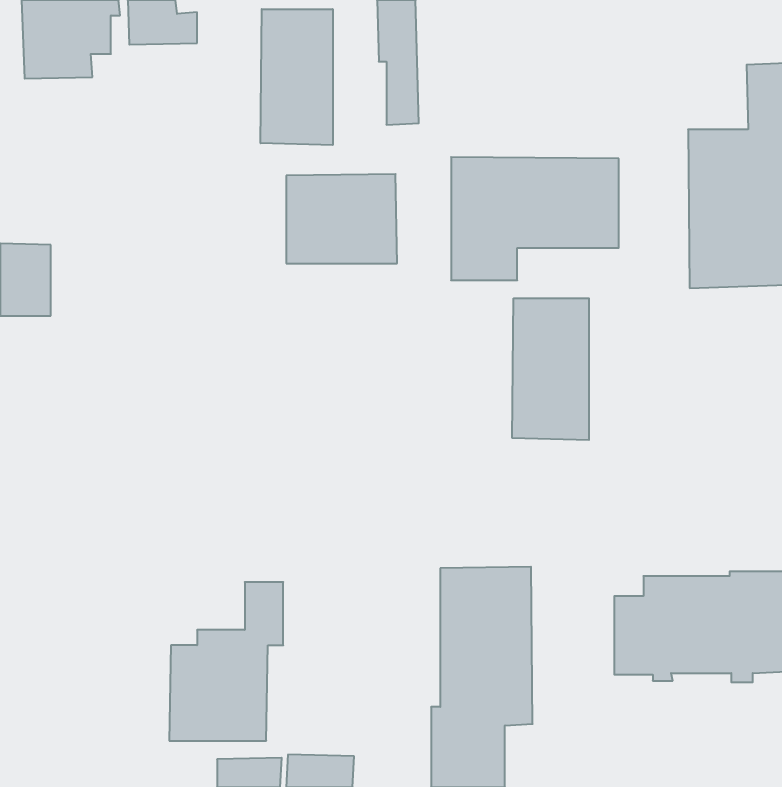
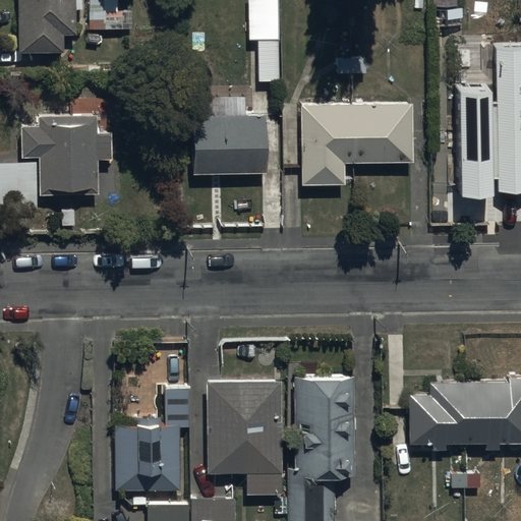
building: [261,9,333,145] -> none
building: none -> [20,115,113,195]
building: [512,298,589,440] -> none
building: none -> [208,381,282,495]

